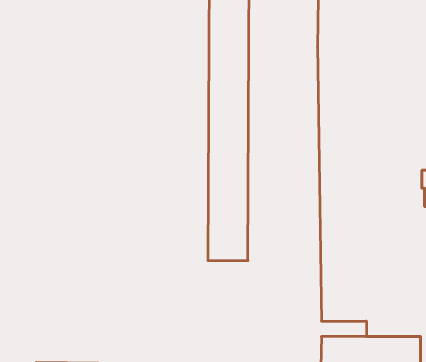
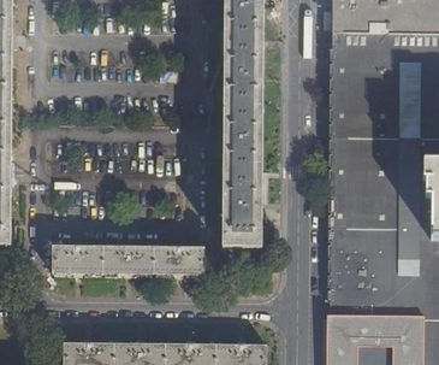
building: none -> [53,246,203,272]

